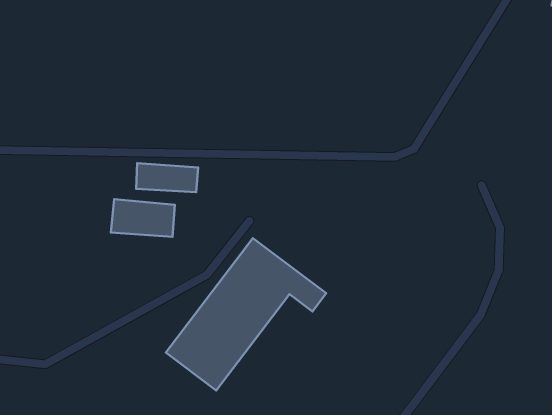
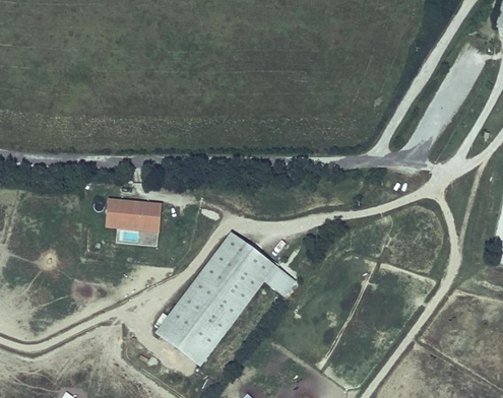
building: [136,163,198,192] -> none

